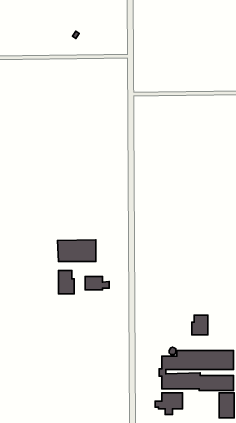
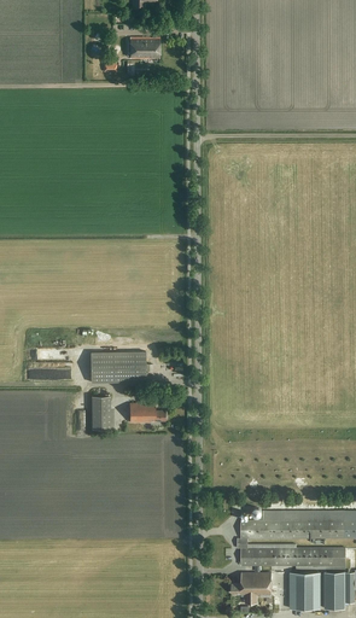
building: none -> [128,36,161,58]
building: [192,315,208,335] -> none
building: none -> [291,571,321,608]

